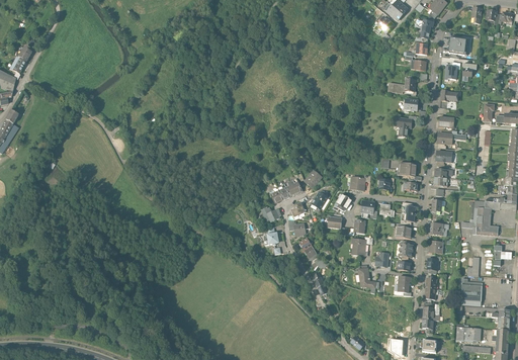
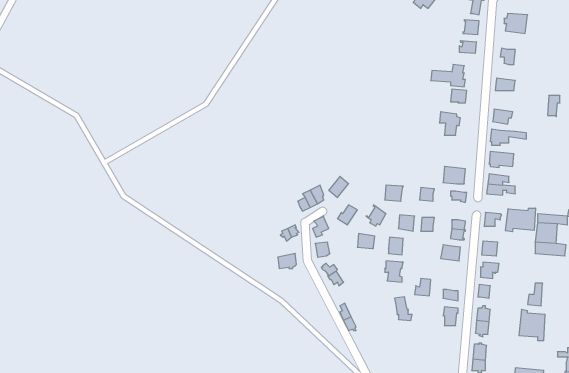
building: none -> [505,208,536,232]

